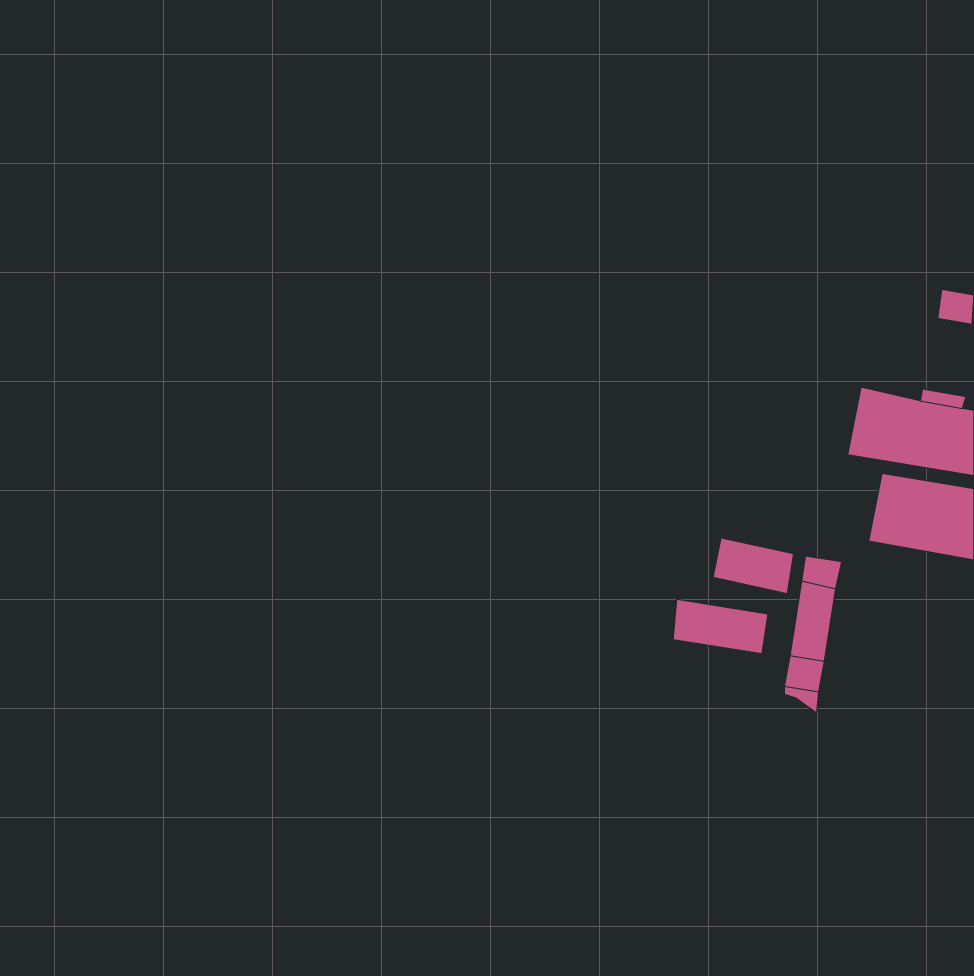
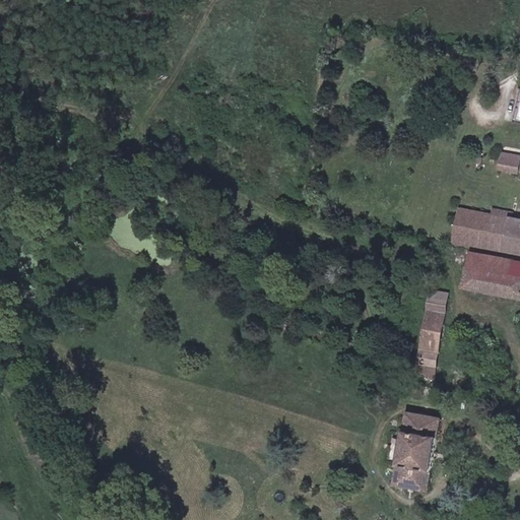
building: [713,538,793,594] -> none
building: [673,599,768,654] -> none
building: none -> [393,411,438,489]

